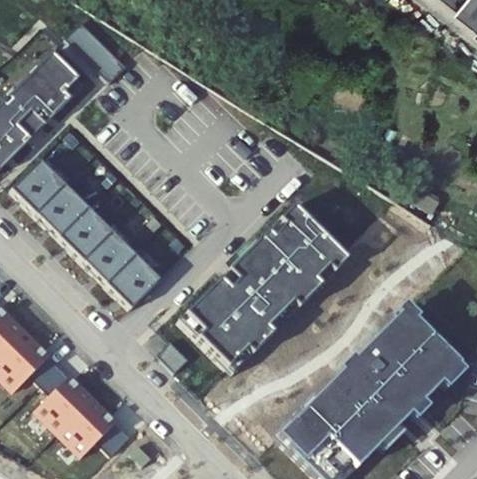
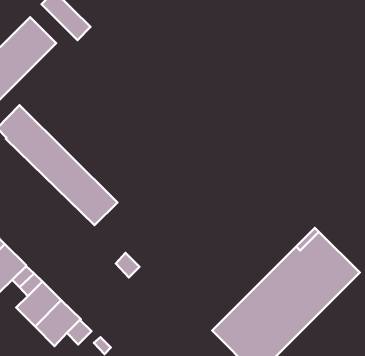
building: [179,204,347,372] -> none

